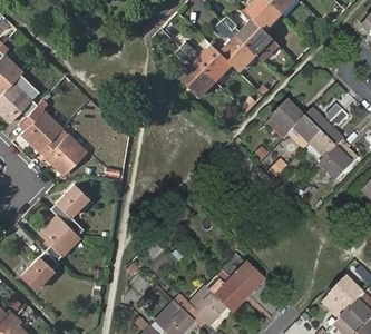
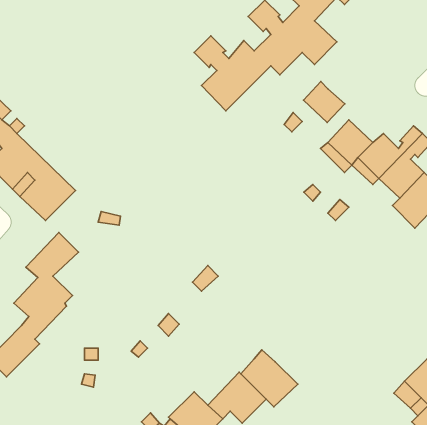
building: none -> [303,82,345,123]
building: [224,255,267,296] -> none

